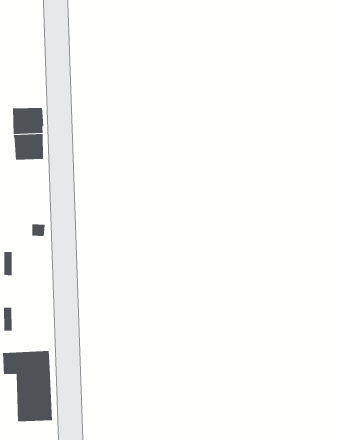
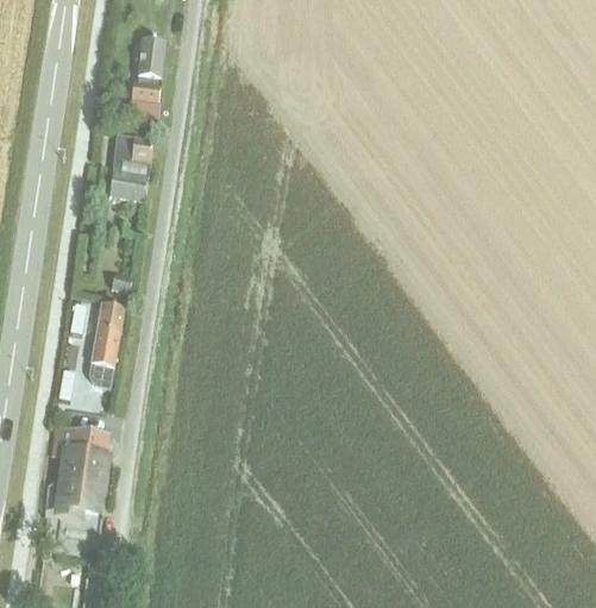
building: none -> [131,27,164,118]
building: none -> [89,305,121,387]

